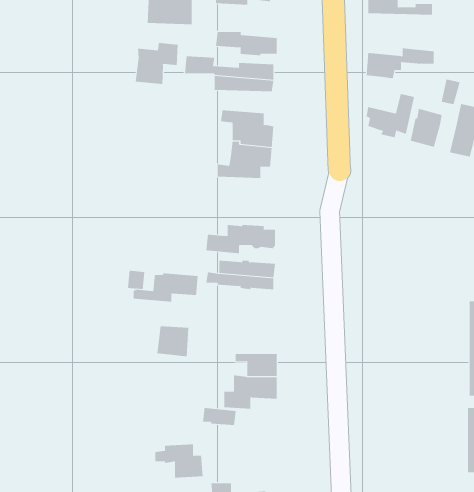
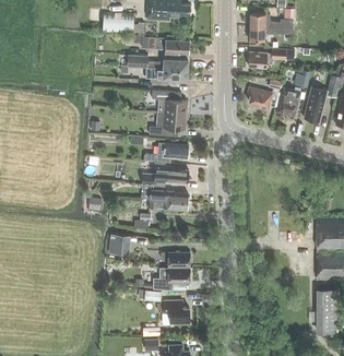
building: none -> [249,25,293,40]
building: [135,42,178,85] -> none
building: [133,273,198,302] -> [144,142,188,162]
building: [154,444,203,478] -> [157,298,190,321]

